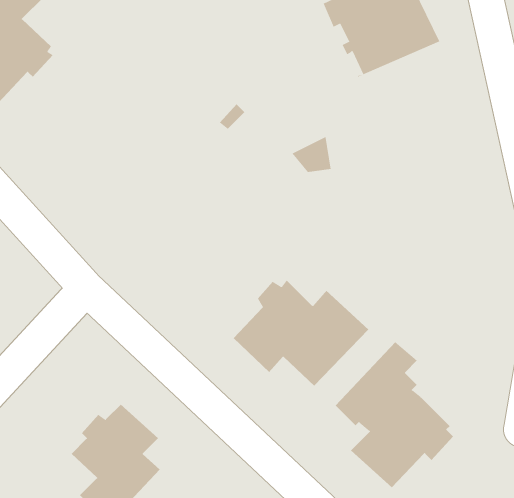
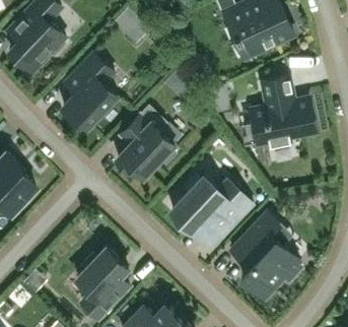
building: none -> [62,54,117,127]
building: none -> [252,77,311,146]
building: none -> [117,108,176,180]

